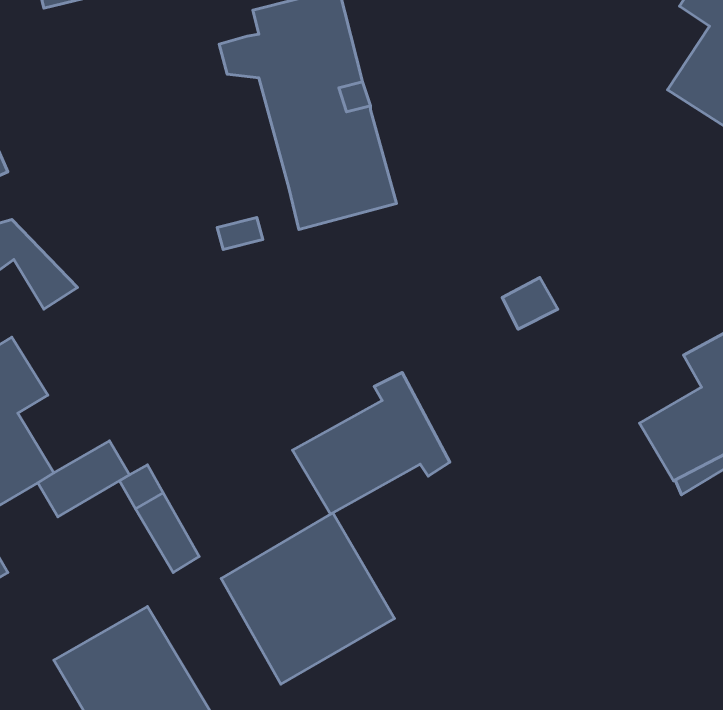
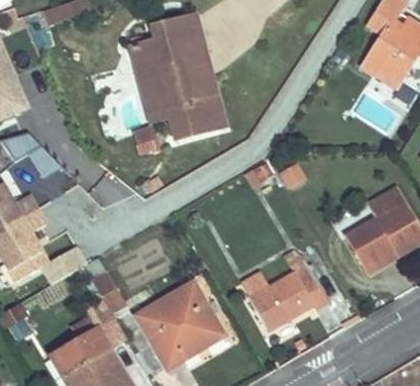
building: none -> [128,43,170,122]
building: [293,372,450,514] -> [248,258,328,329]

